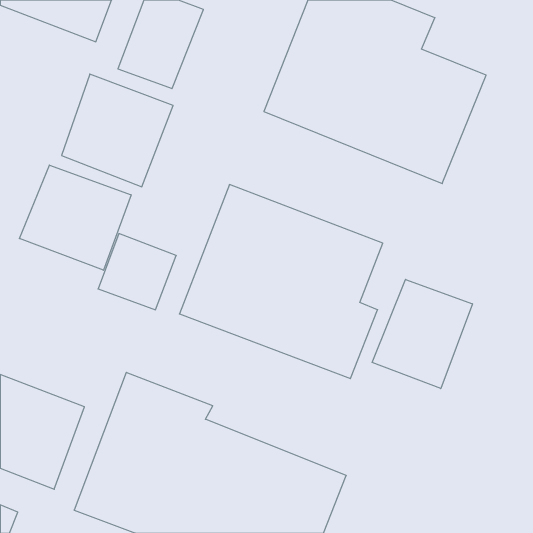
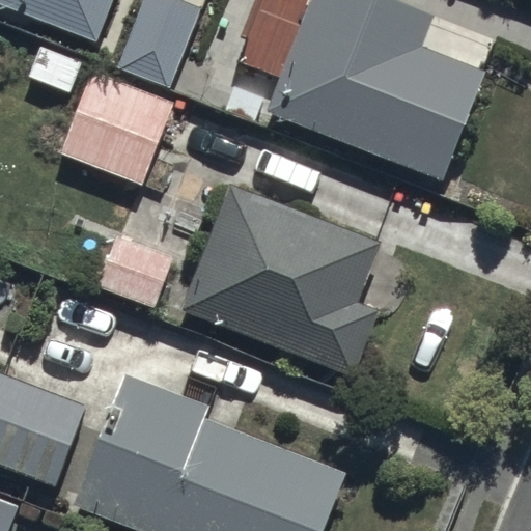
building: [19,165,131,270] -> none
building: [372,279,472,389] -> none

